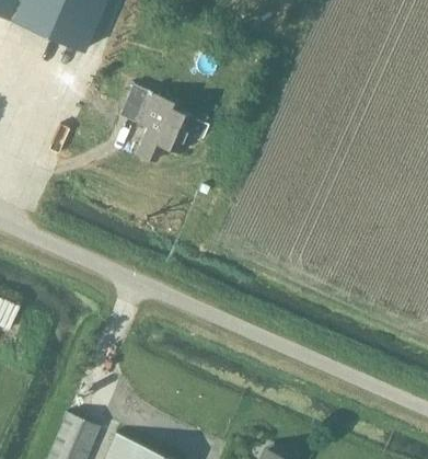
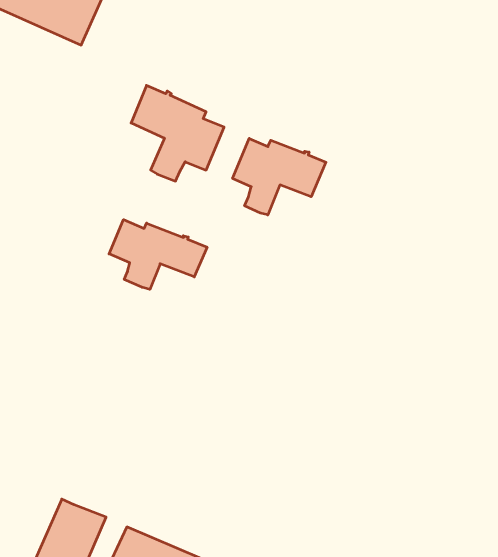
building: none -> [233,138,326,215]
building: none -> [109,220,207,289]

